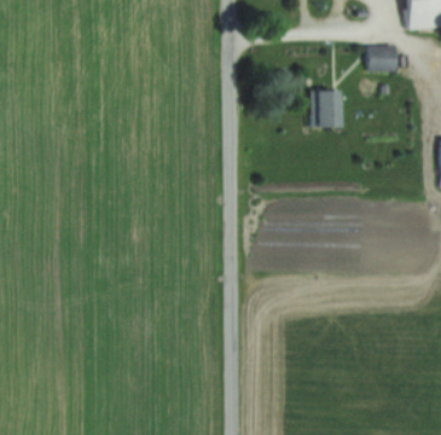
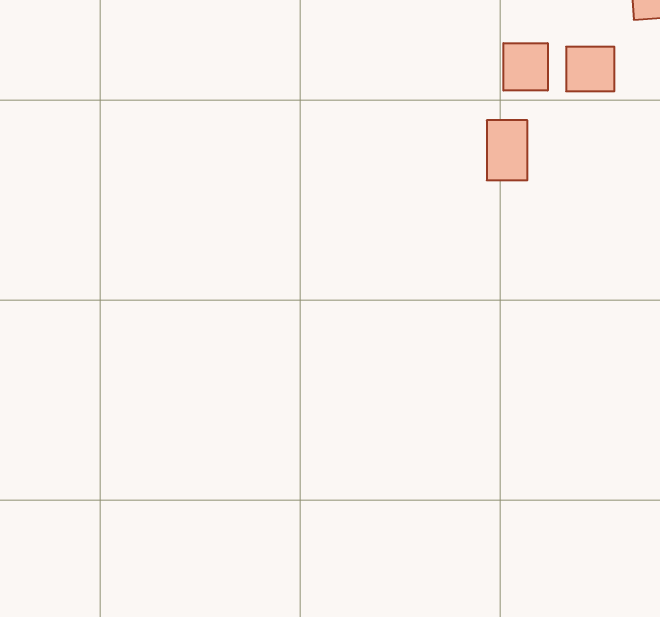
building: none -> [503,43,548,91]

